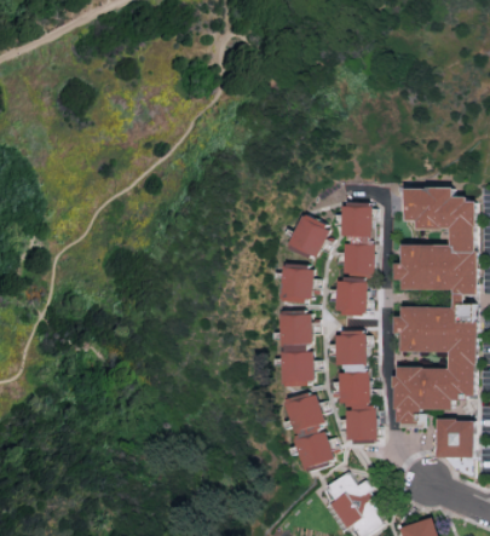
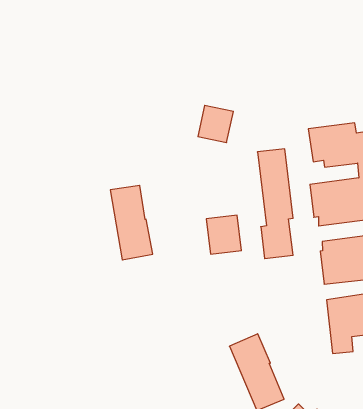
building: [289,214,330,257] -> [198,105,233,143]
building: [281,311,315,386] -> [110,185,153,260]
building: [336,330,376,444] -> none

